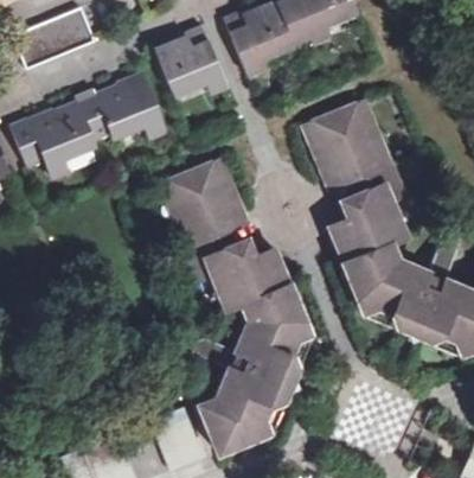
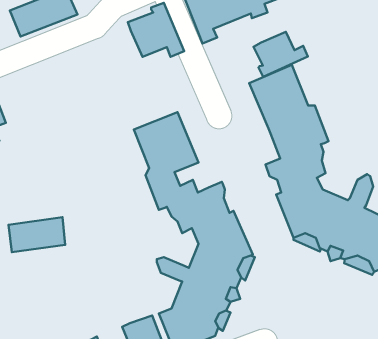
building: none -> [253,32,308,77]
building: [9,75,167,174] -> none
building: none -> [9,217,65,252]

